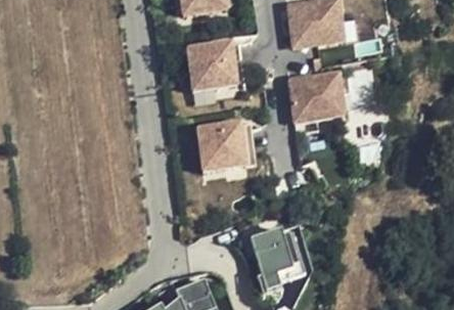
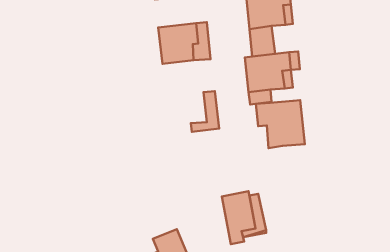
building: [194,120,240,168] -> none
building: none -> [256,100,305,148]

